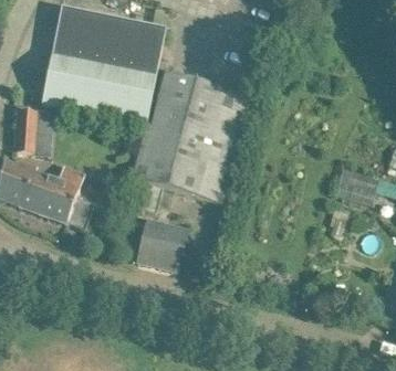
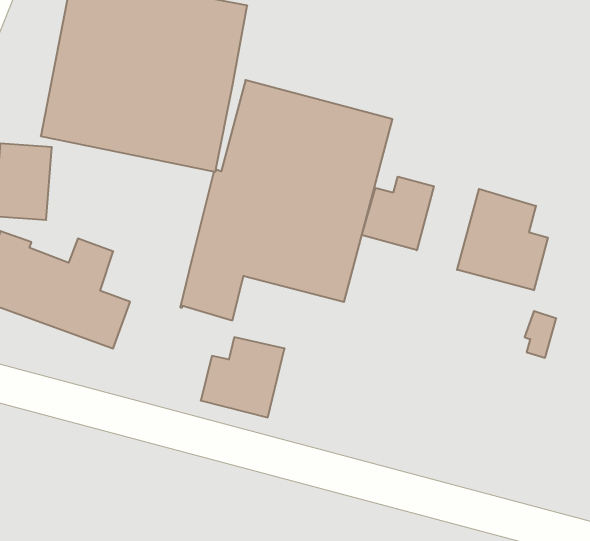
building: none -> [362,177,434,250]
building: none -> [457,189,548,290]

